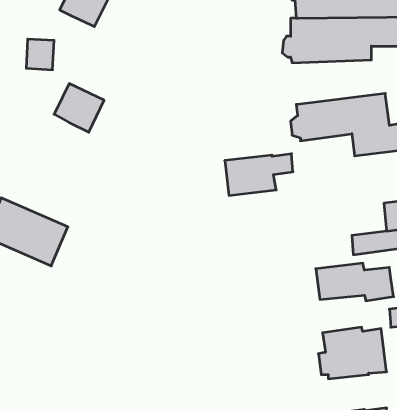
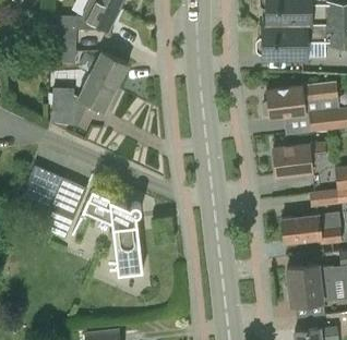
building: none -> [56,16,89,40]
building: none -> [88,51,128,87]
building: none -> [52,88,88,124]
building: [225,154,293,195] -> [273,143,326,175]
building: none -> [83,192,143,277]

